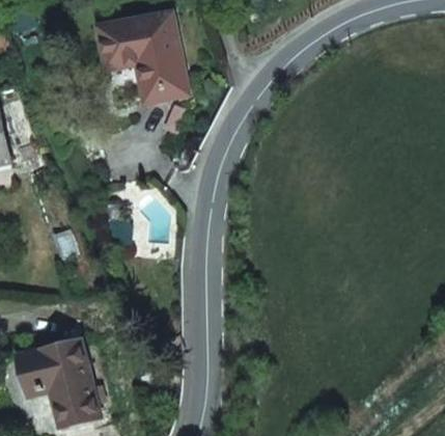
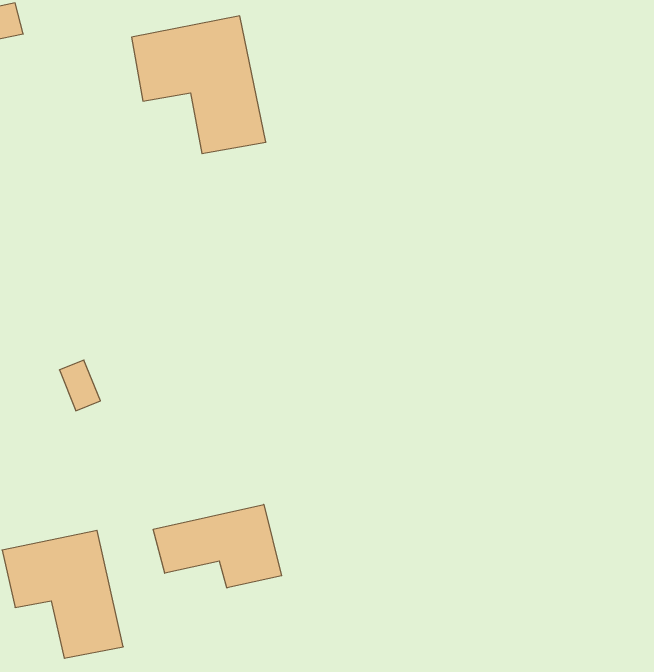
building: none -> [153,504,282,588]

